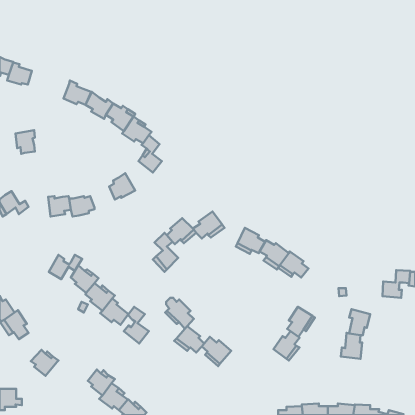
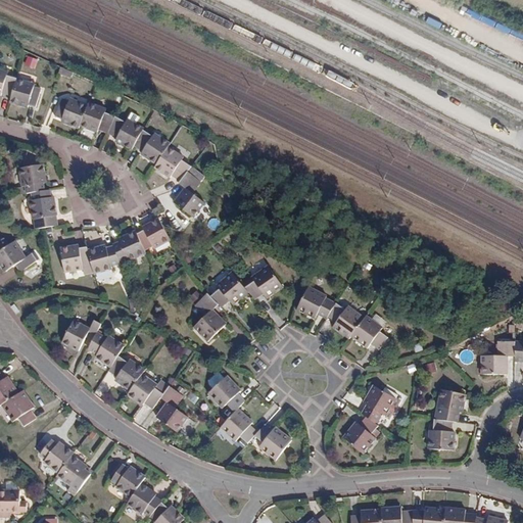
building: none -> [55,99,87,128]
building: none -> [29,189,57,229]
building: none -> [112,230,145,260]
building: none -> [56,455,90,487]

